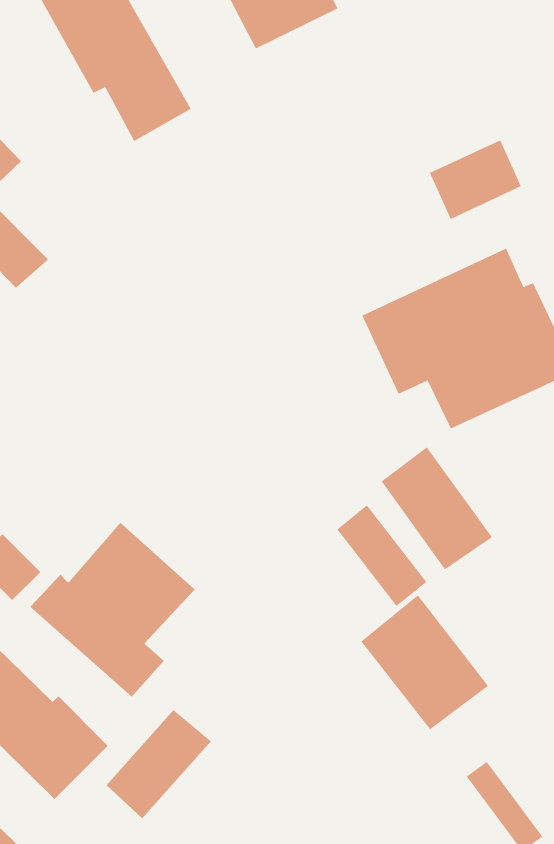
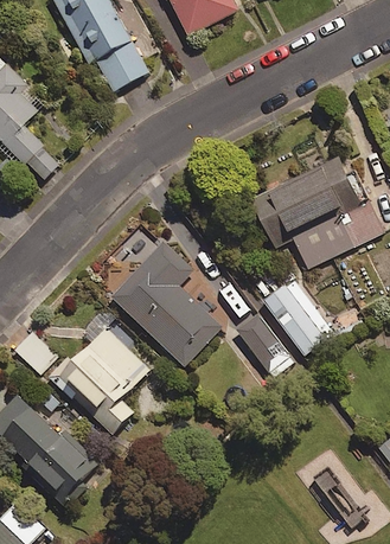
building: [429,139,522,220] -> none
building: none -> [92,224,220,366]
building: [361,595,489,730] -> none
building: [106,709,212,819] -> none

